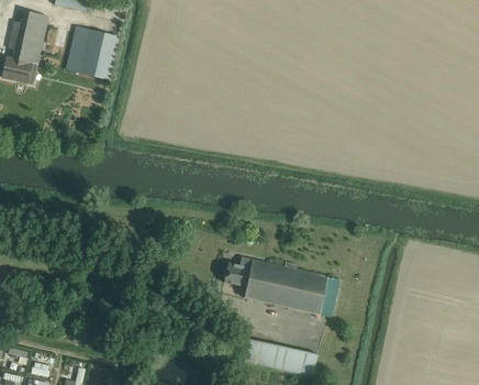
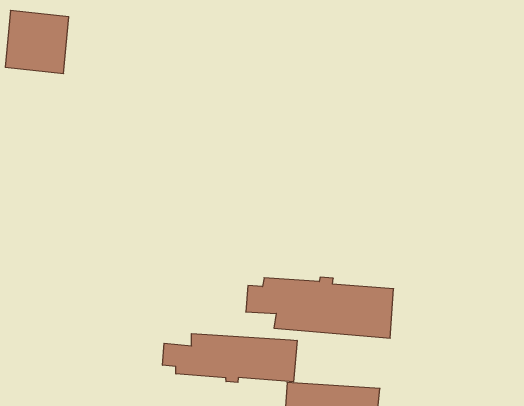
building: none -> [163,334,297,382]

